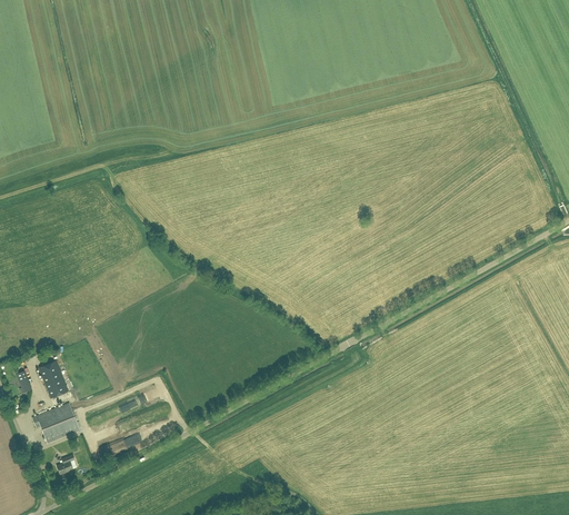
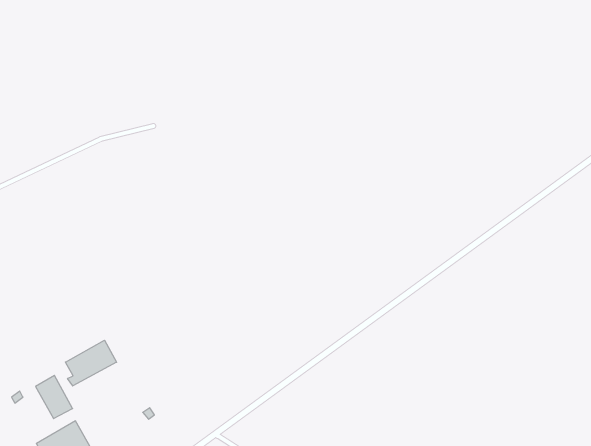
building: none -> [65,340,117,386]

